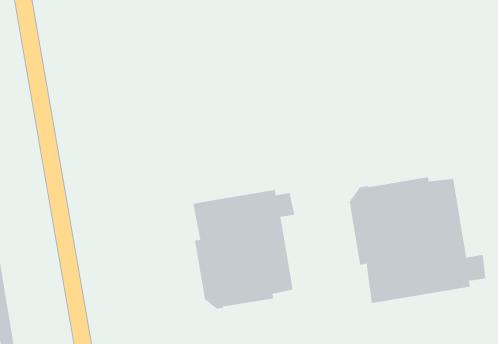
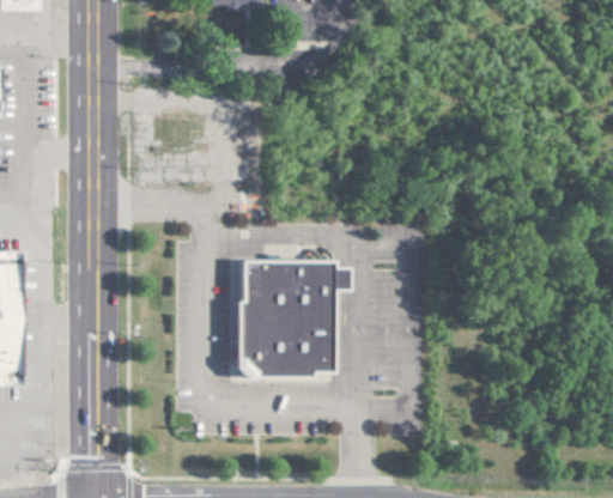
building: [349,176,486,304] -> none

